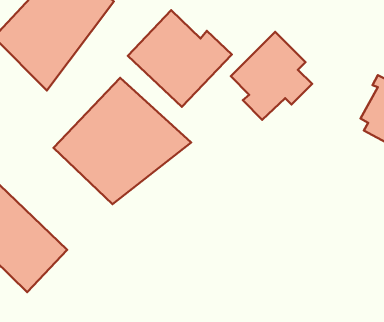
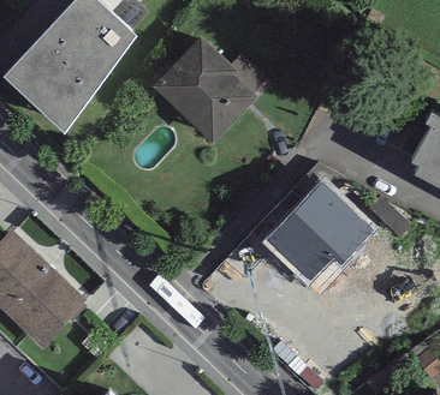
building: [231,32,312,120] -> [273,182,363,280]
building: [53,78,191,204] -> none

